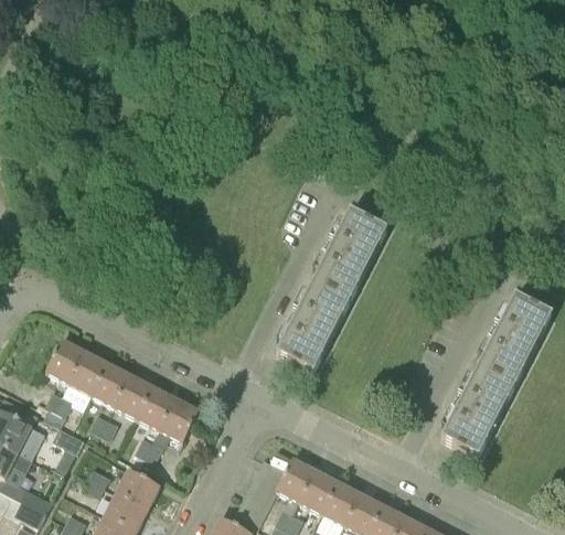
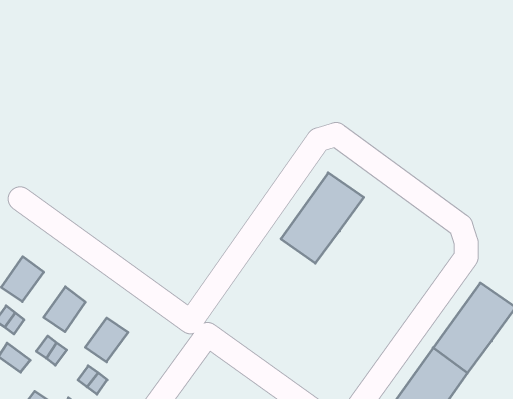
building: [276,282,350,373] -> none
building: [68,351,108,395] -> none
building: [115,374,153,418] -> none
building: [160,397,200,441] -> none

